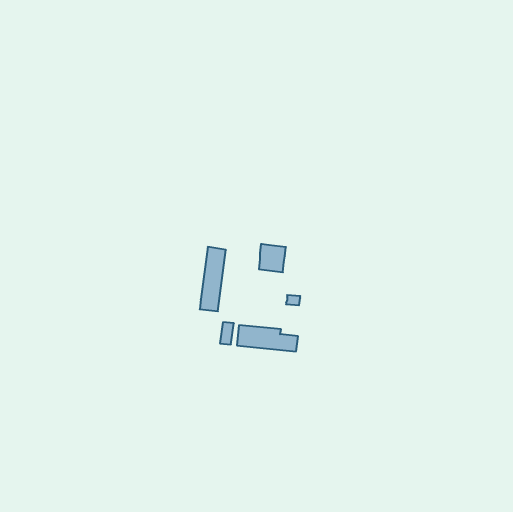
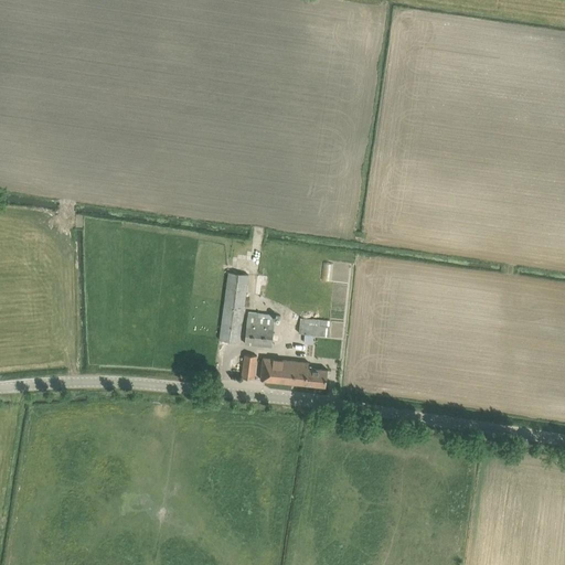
building: [259,244,286,272] -> [245,317,275,348]

